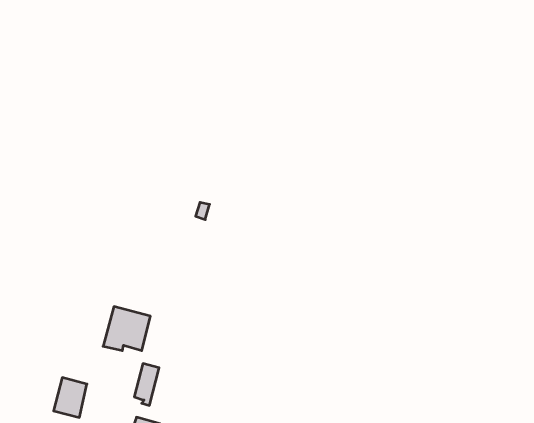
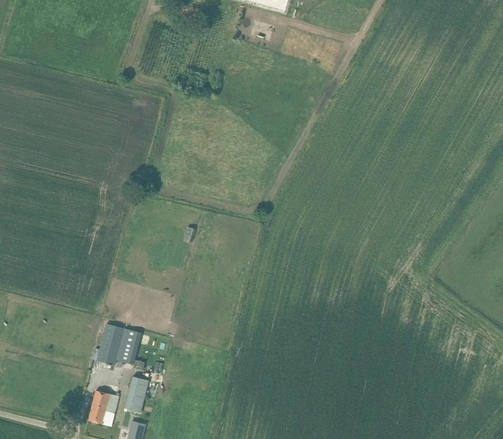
building: [54,378,87,417] -> [87,389,118,426]

